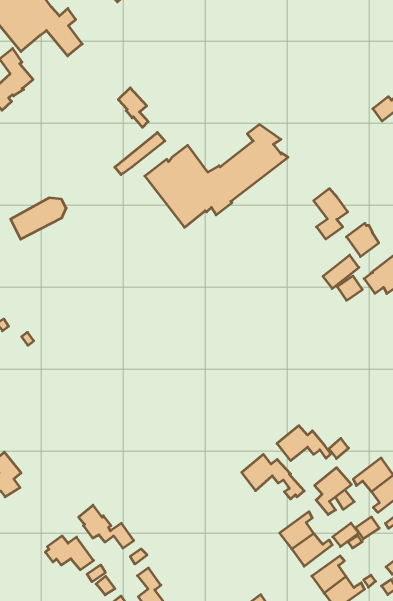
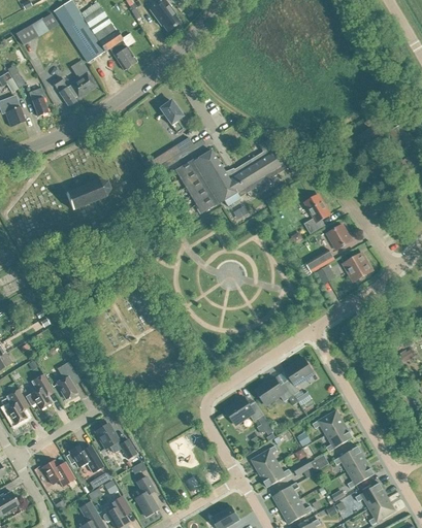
building: none -> [56,362,80,399]
building: [315,468,351,515] -> [285,359,314,395]
building: none -> [38,460,75,485]

